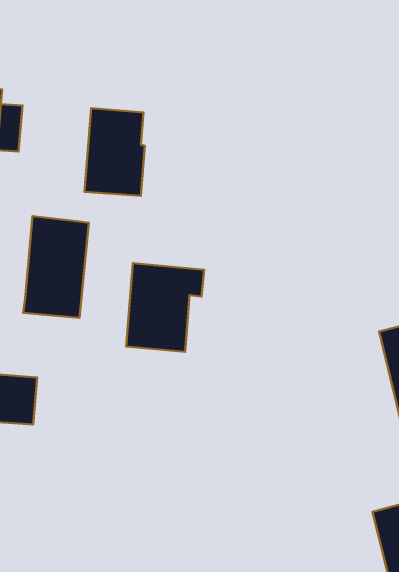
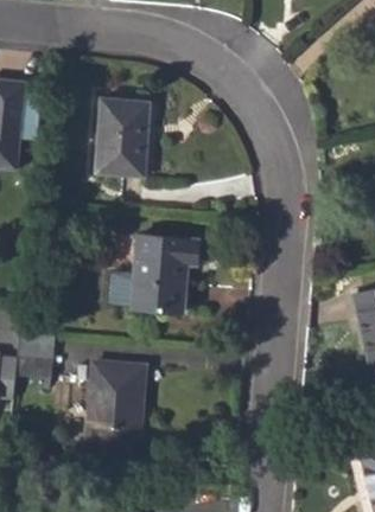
building: [23,216,89,318] -> none
building: none -> [87,359,146,454]

